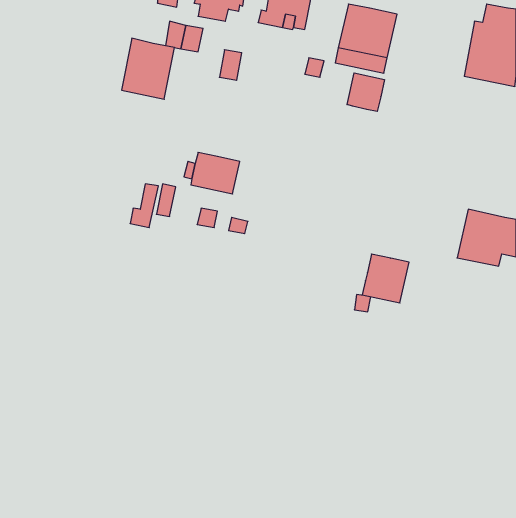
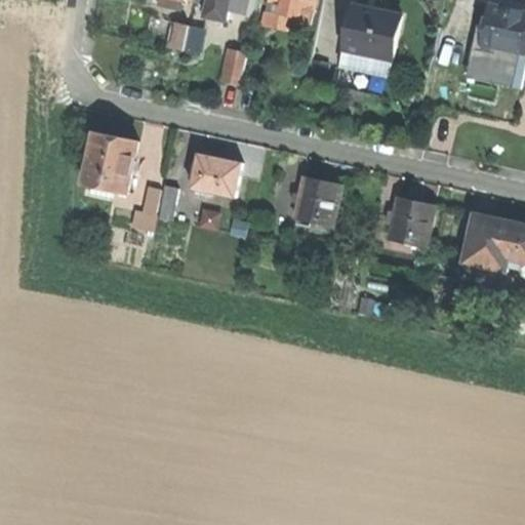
building: [122,38,174,99] -> [83,131,136,193]
building: [347,73,384,111] -> none
building: none -> [294,176,340,225]
building: [362,254,409,303] -> [388,196,435,245]

